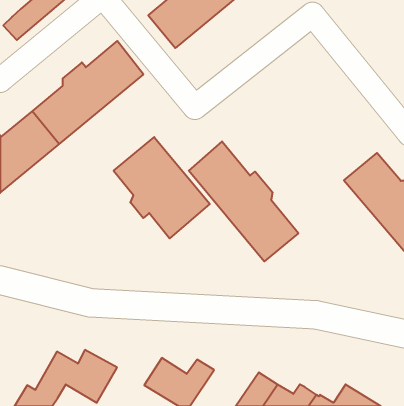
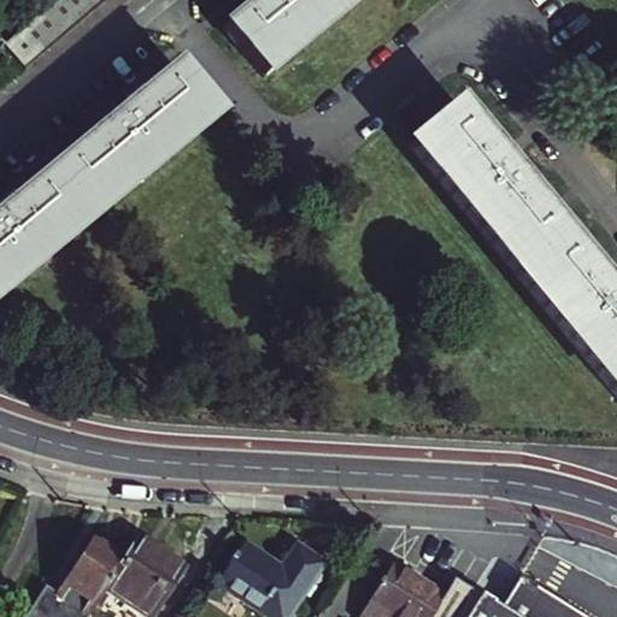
building: none -> [417,100,575,271]
building: [114,137,210,238] -> none
building: [189,141,298,261] -> none

